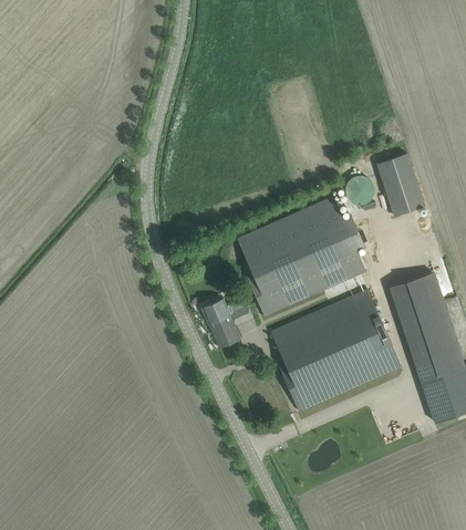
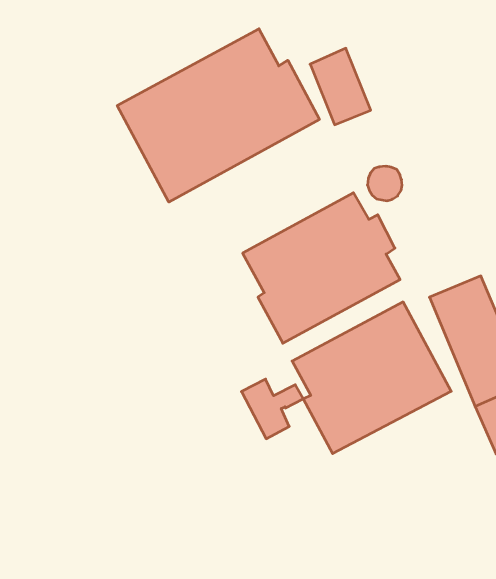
building: none -> [117,29,319,202]
building: [377,153,425,216] -> [310,48,371,125]
building: [201,299,252,349] -> [241,379,303,439]

